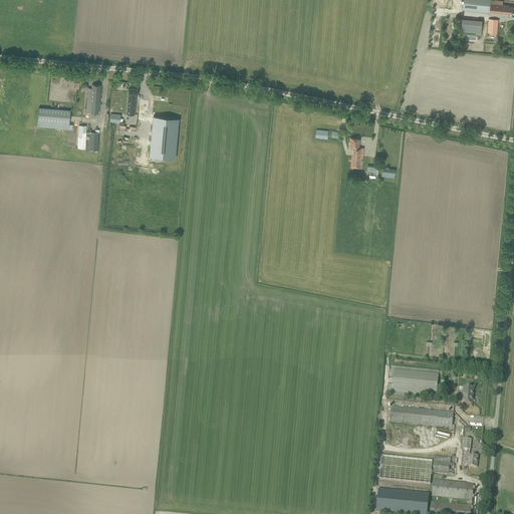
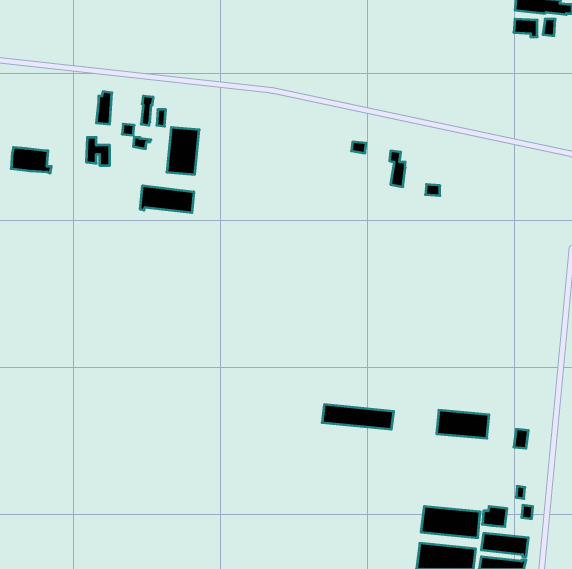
building: [37,105,73,128] -> [11,147,51,173]
building: none -> [140,186,194,213]
building: [390,405,454,427] -> [322,405,394,429]

